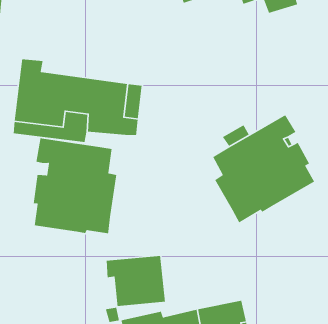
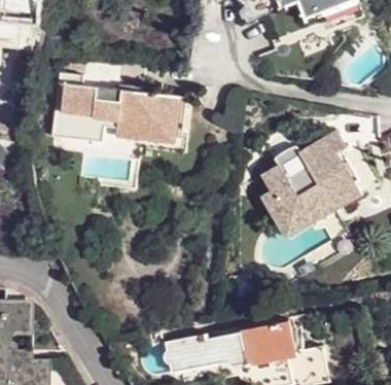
building: [33,137,117,234] -> none
building: [106,255,166,307] -> none

